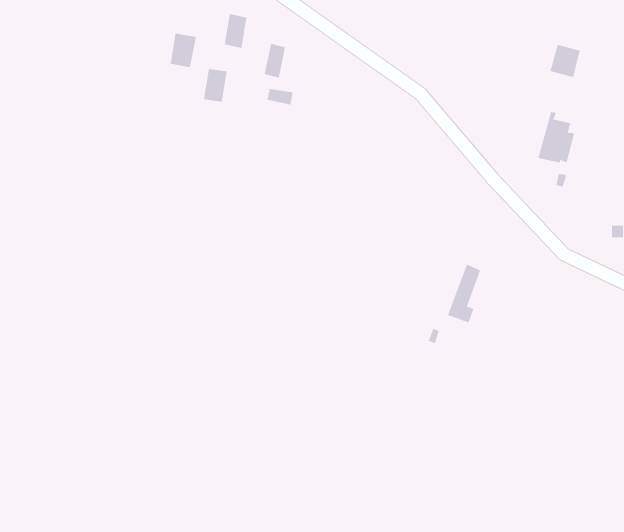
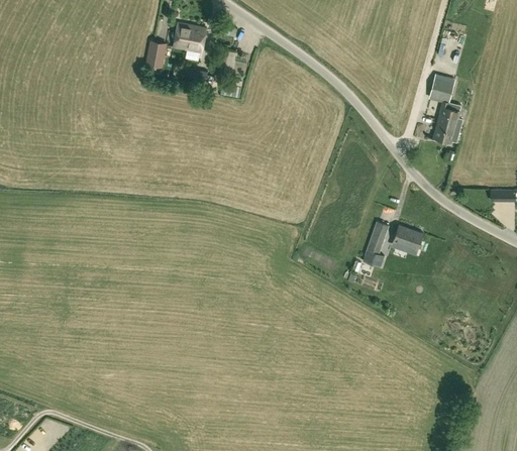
building: [549,44,580,78] -> [429,78,453,104]
building: [203,69,228,102] -> [173,24,192,50]
building: none -> [393,226,423,251]

